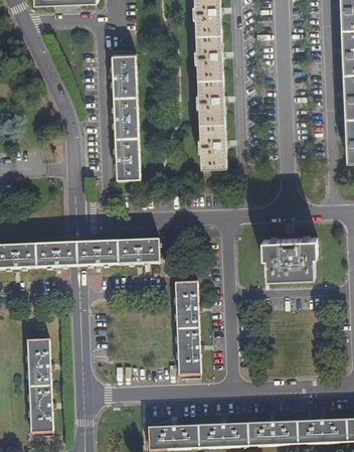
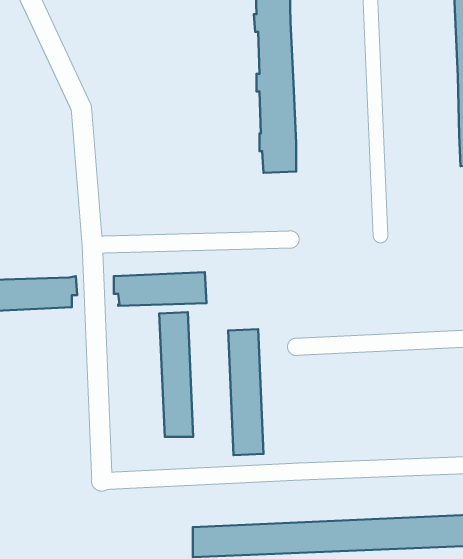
building: [112,52,139,176] -> none
building: [262,236,318,276] -> none
building: [59,242,95,265] -> none
building: [26,338,51,431] -> [159,312,193,437]

